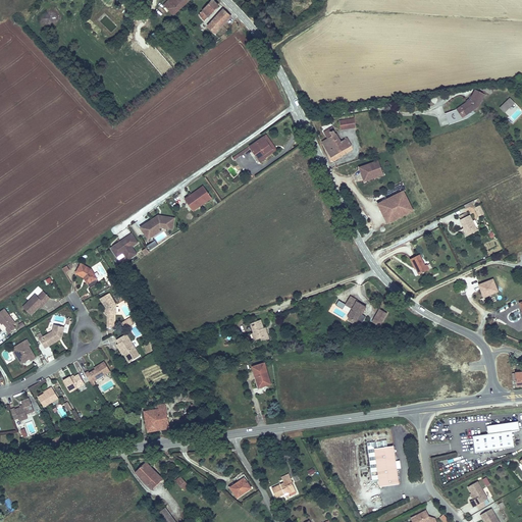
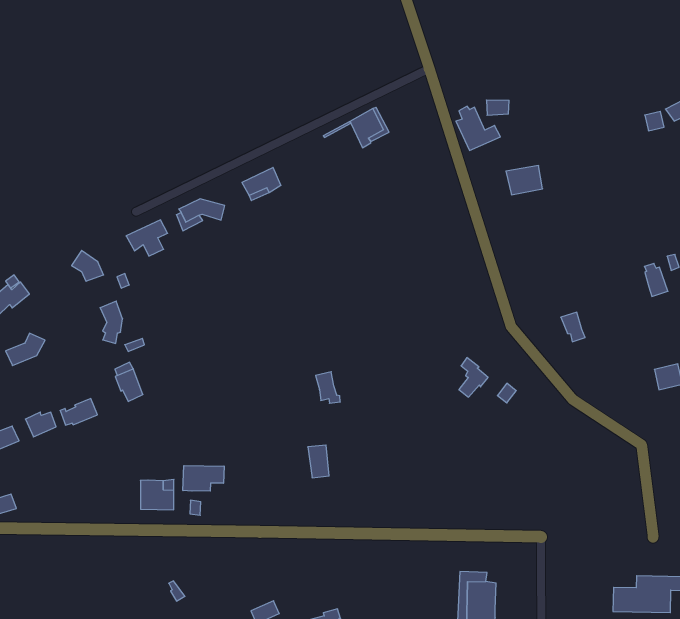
building: [378,190,415,222] -> none
building: none -> [183,466,224,491]
building: [135,462,163,490] -> none

